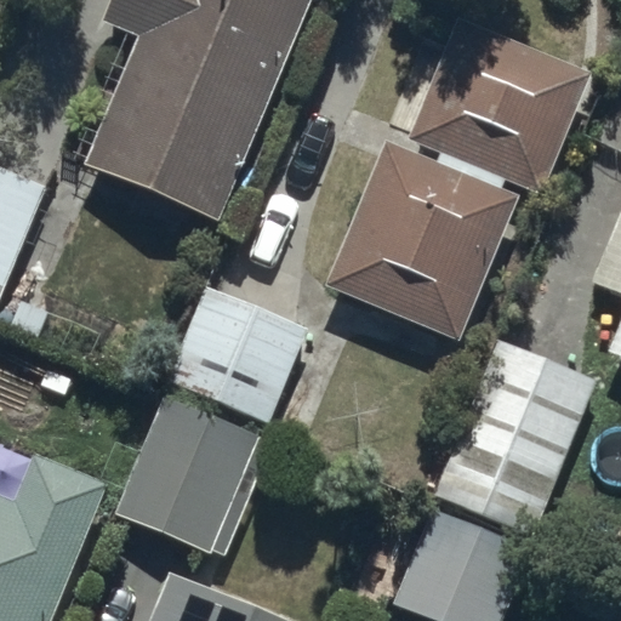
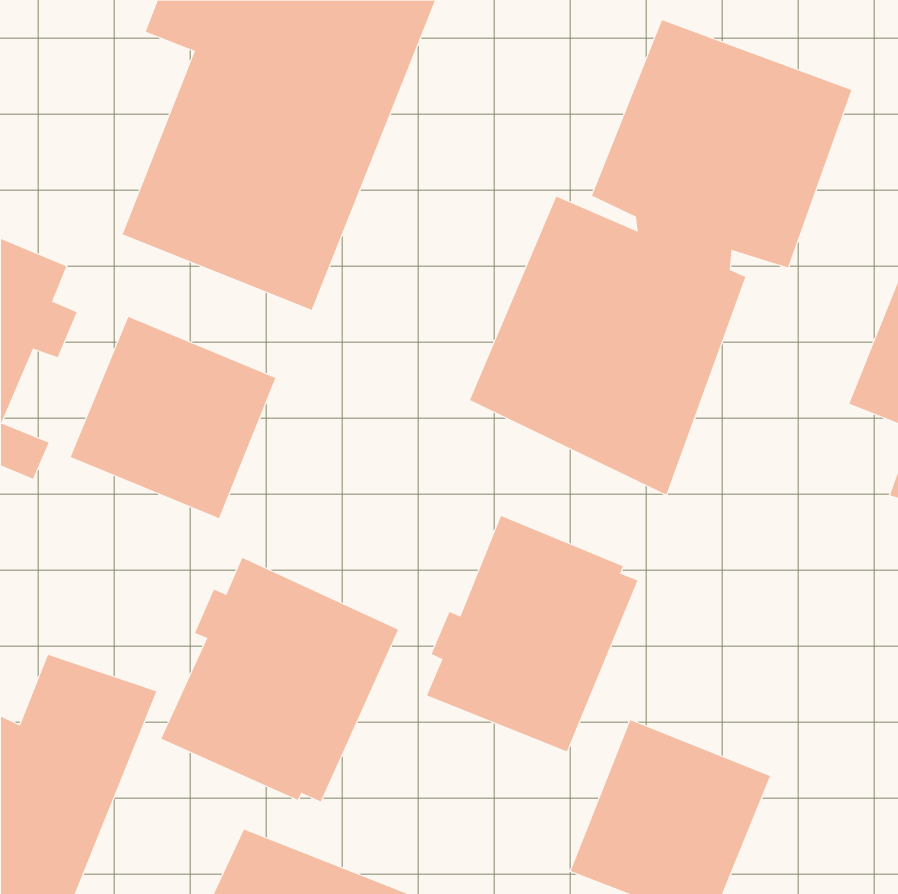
building: [167,286,309,426] -> [70,316,276,519]
building: [434,338,593,525] -> none
building: none -> [426,515,638,752]

